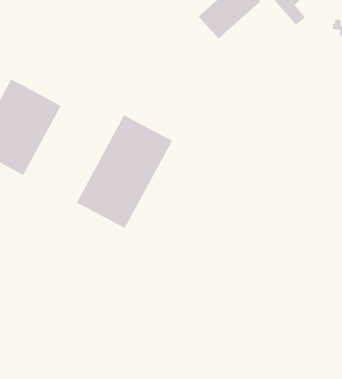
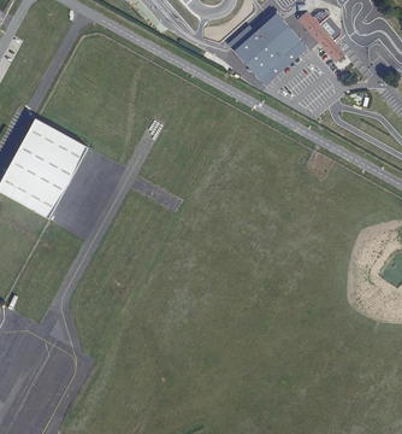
building: [76,114,173,229] -> none

